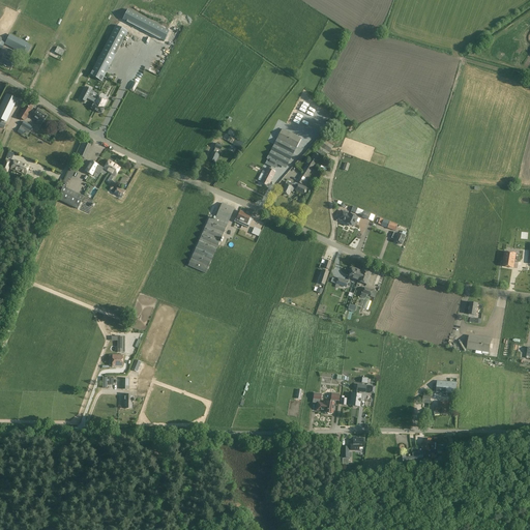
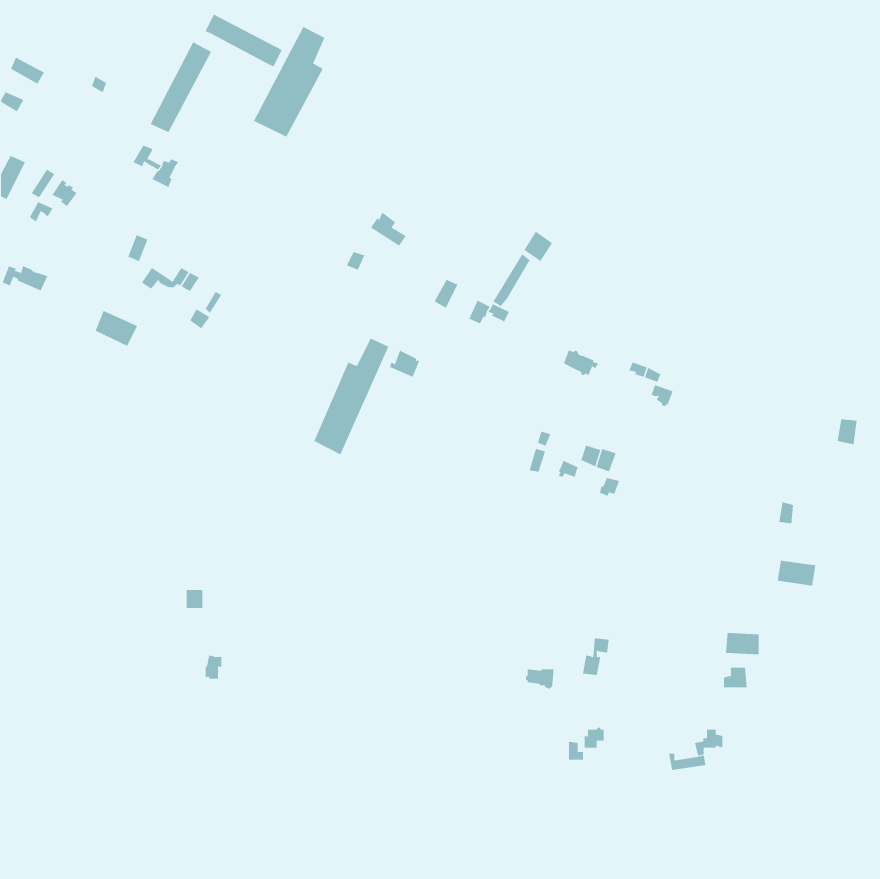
building: none -> [253,26,325,137]
building: [267,127,301,168] -> none

